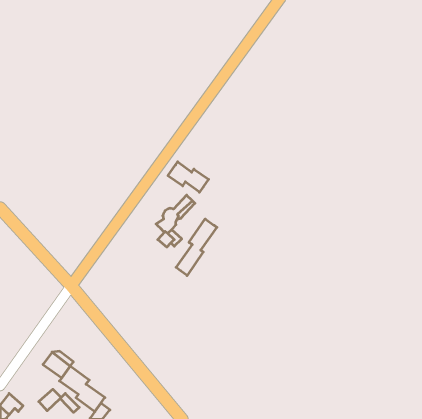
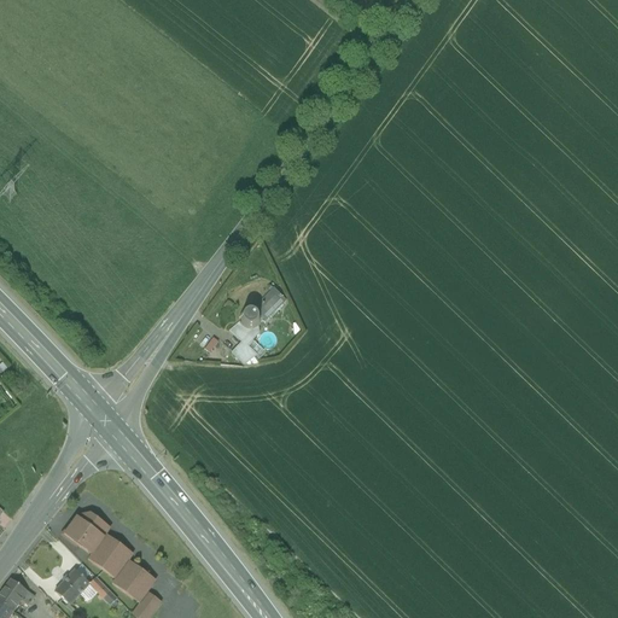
building: [168,162,209,192] -> none
building: [176,219,217,276] -> none

